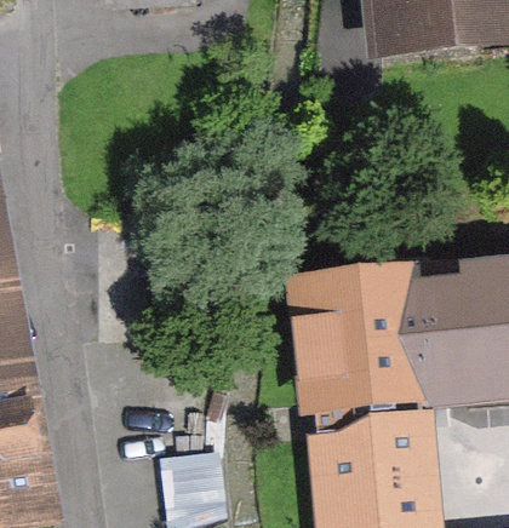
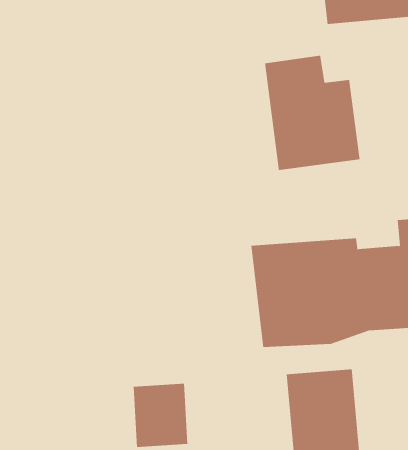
building: none -> [265,55,360,171]

